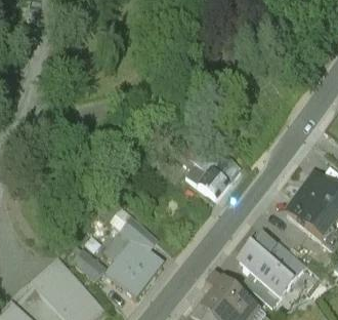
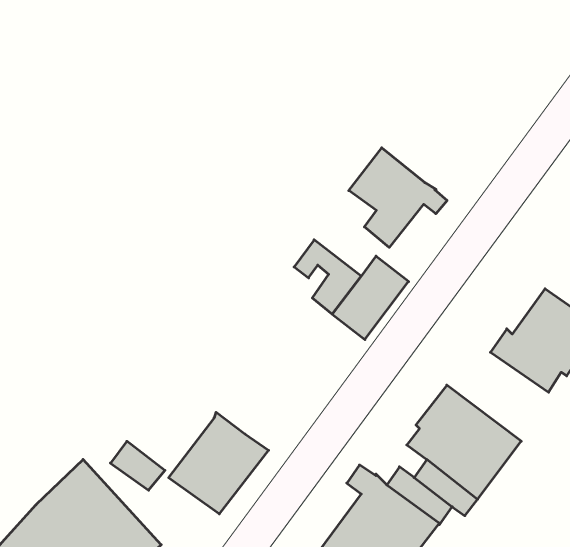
building: none -> [349,148,447,247]
building: [120,218,158,252] -> none

